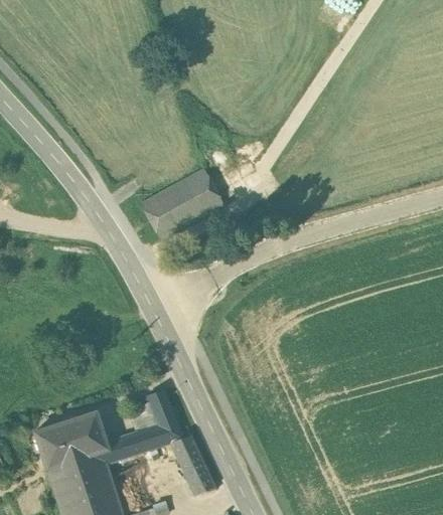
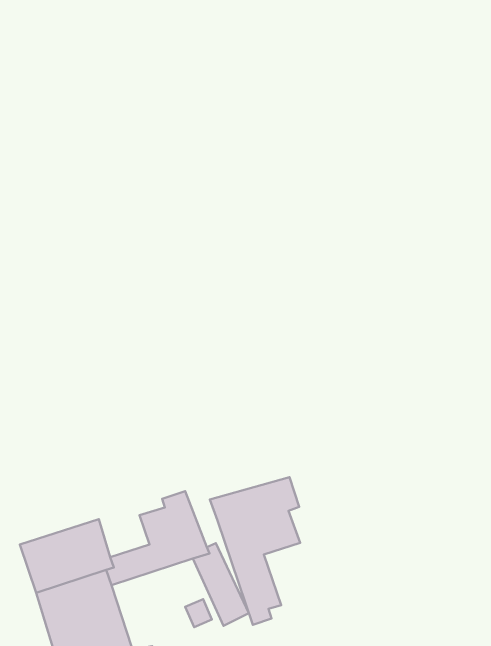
building: [140,169,224,239] -> none
building: none -> [210,477,300,625]

